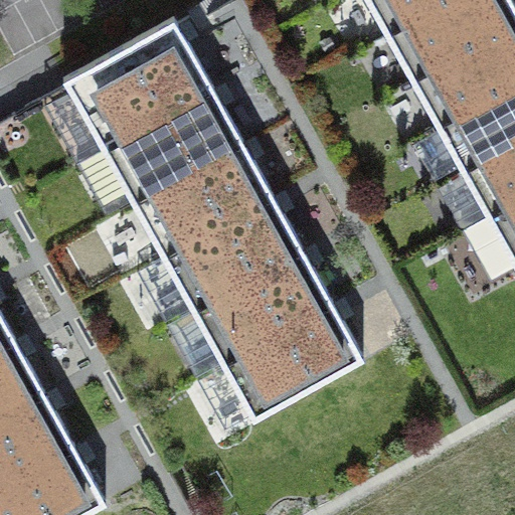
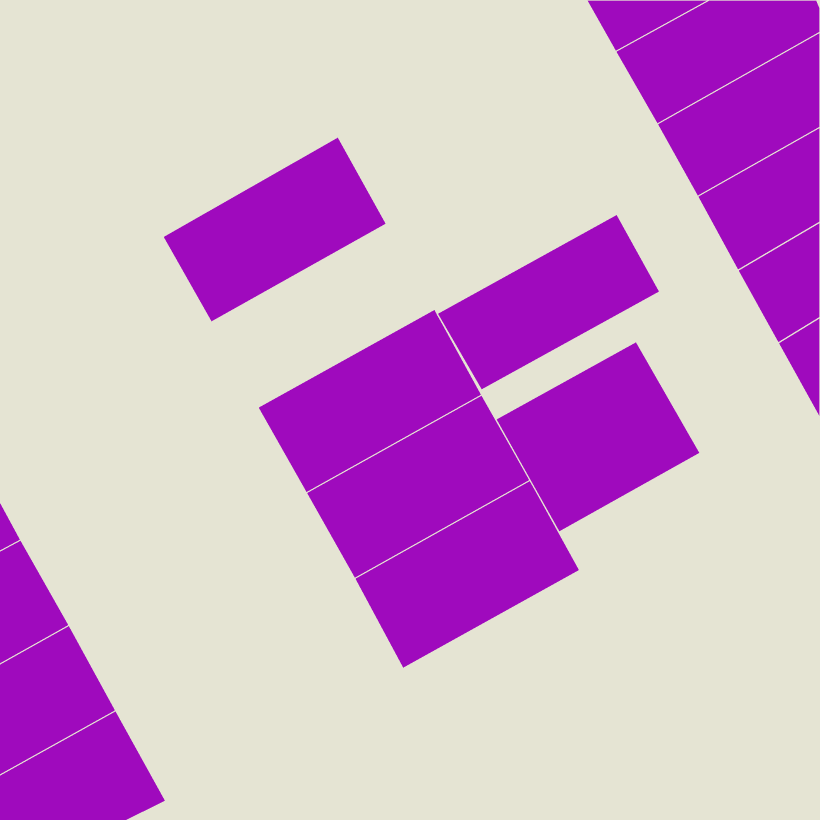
building: [61,16,211,150] -> none
building: none -> [437,214,660,390]
building: [132,142,272,256] -> none
building: none -> [496,342,700,532]

